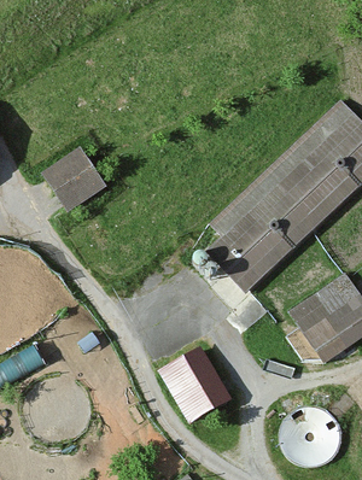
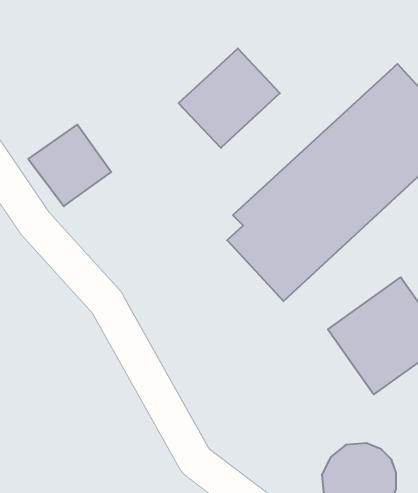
building: none -> [179,48,280,148]
building: [157,344,232,425] -> none

